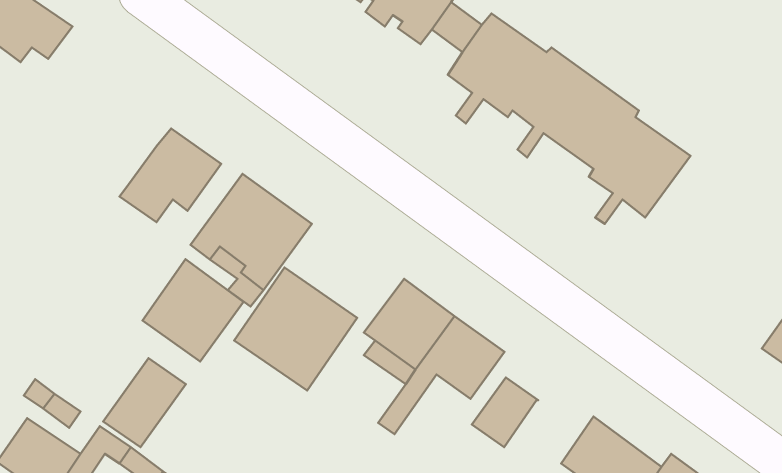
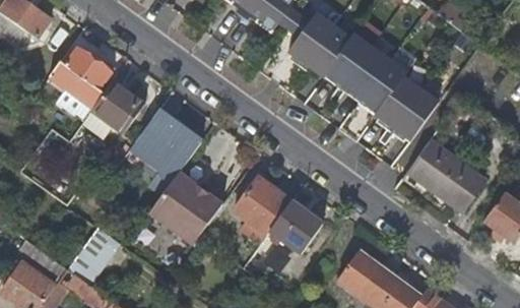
building: none -> [48,34,112,120]
building: none -> [408,138,485,209]
building: [143,259,243,361] -> none
building: [472,377,538,447] -> [337,249,379,293]

